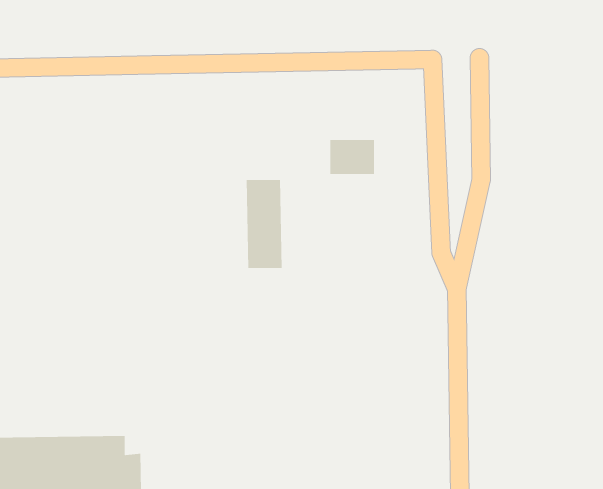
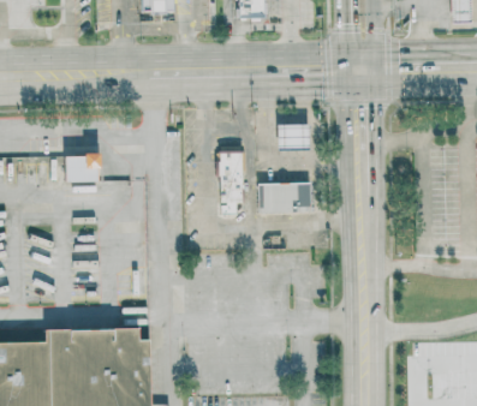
building: none -> [64,154,100,181]
building: none -> [258,181,312,213]

